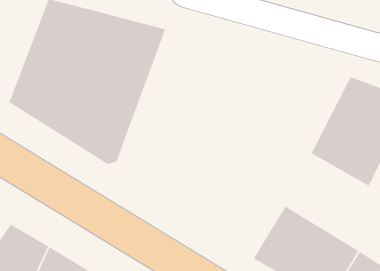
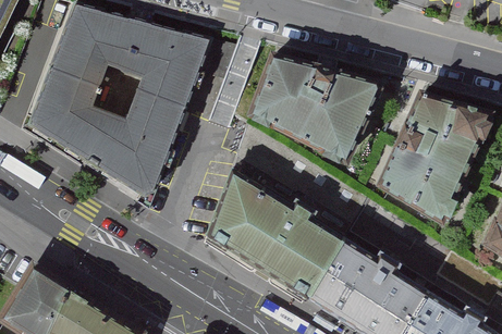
building: none -> [253,53,379,163]
building: none -> [207,173,347,304]

